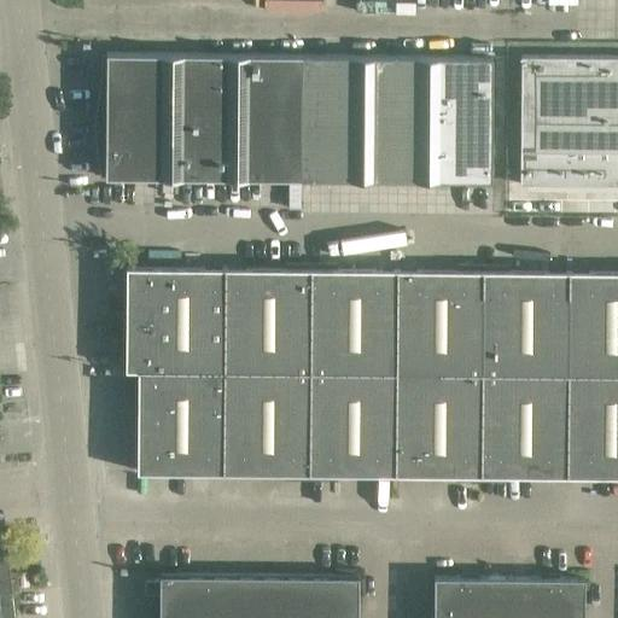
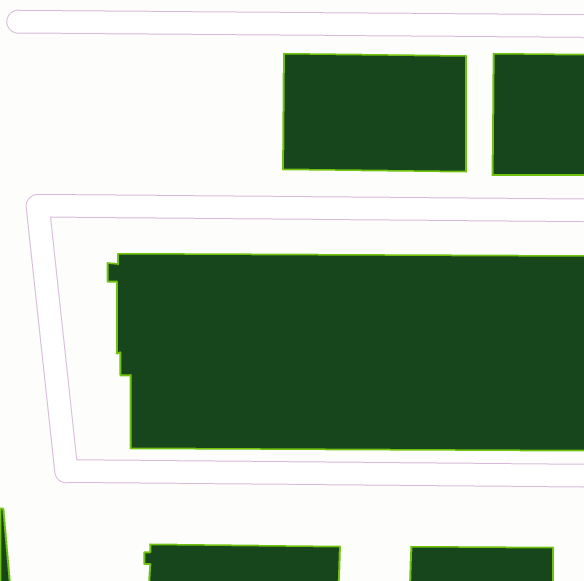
building: [105,58,301,182] -> none

